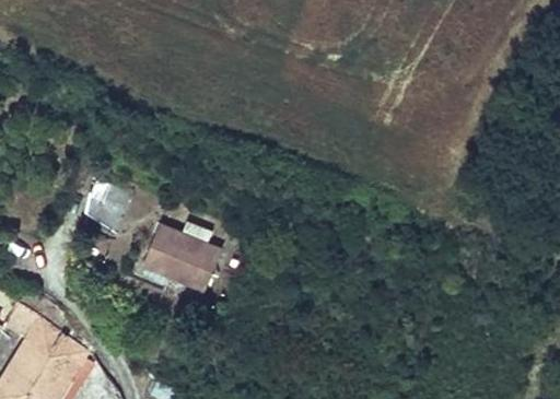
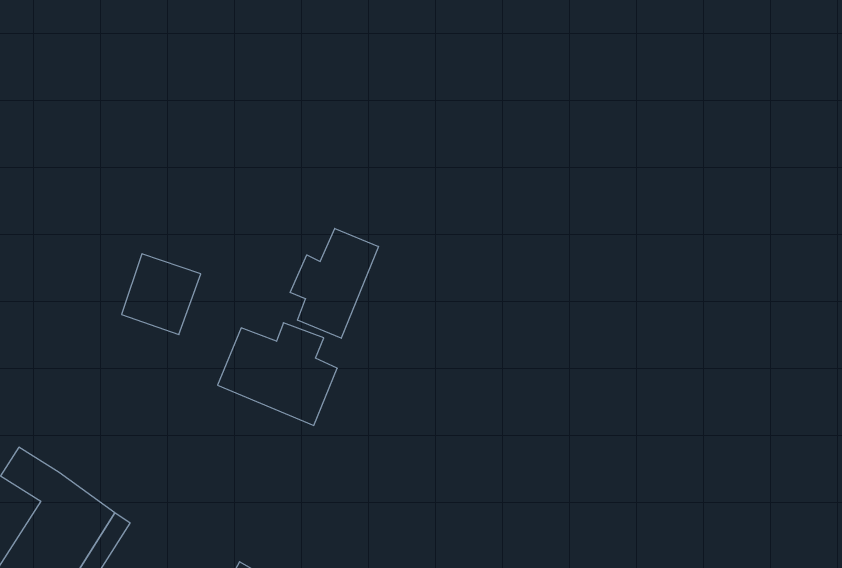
building: none -> [290,228,378,338]

